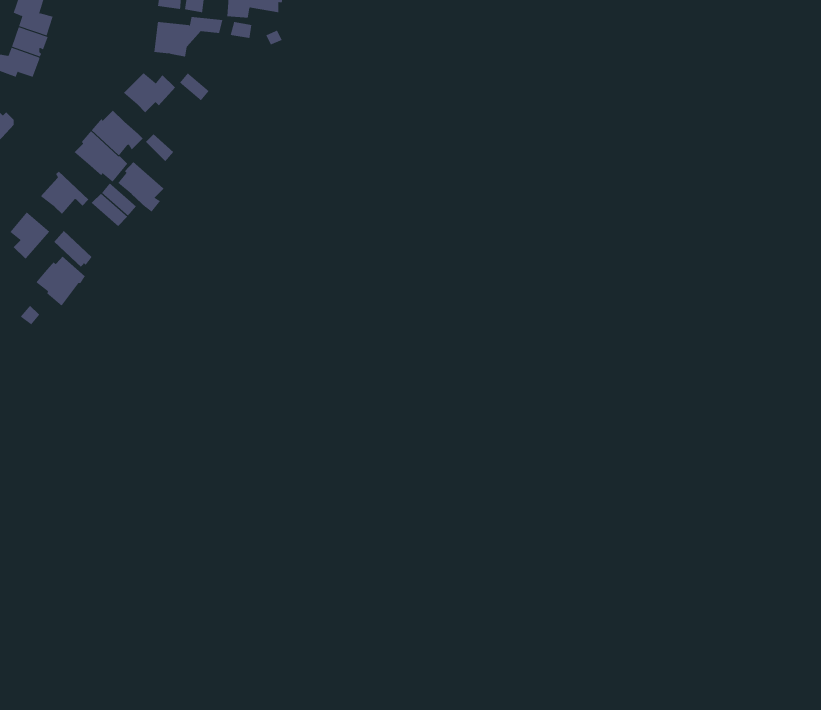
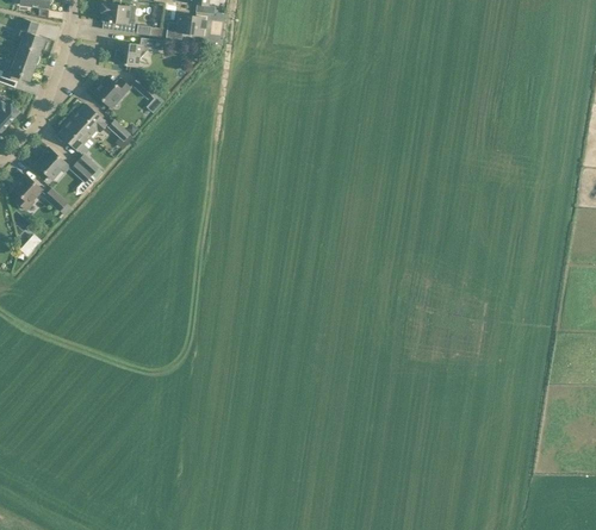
building: [117,161,164,213] -> none
building: [35,256,86,306] -> none

